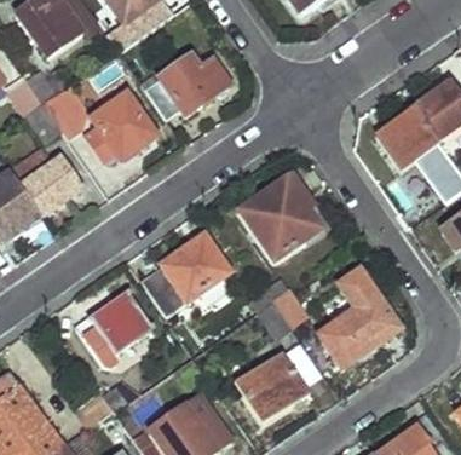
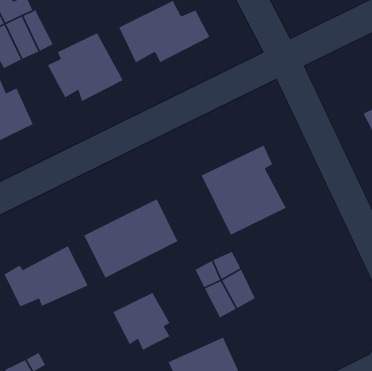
building: [318,270,401,367] -> none
building: none -> [112,292,171,351]

